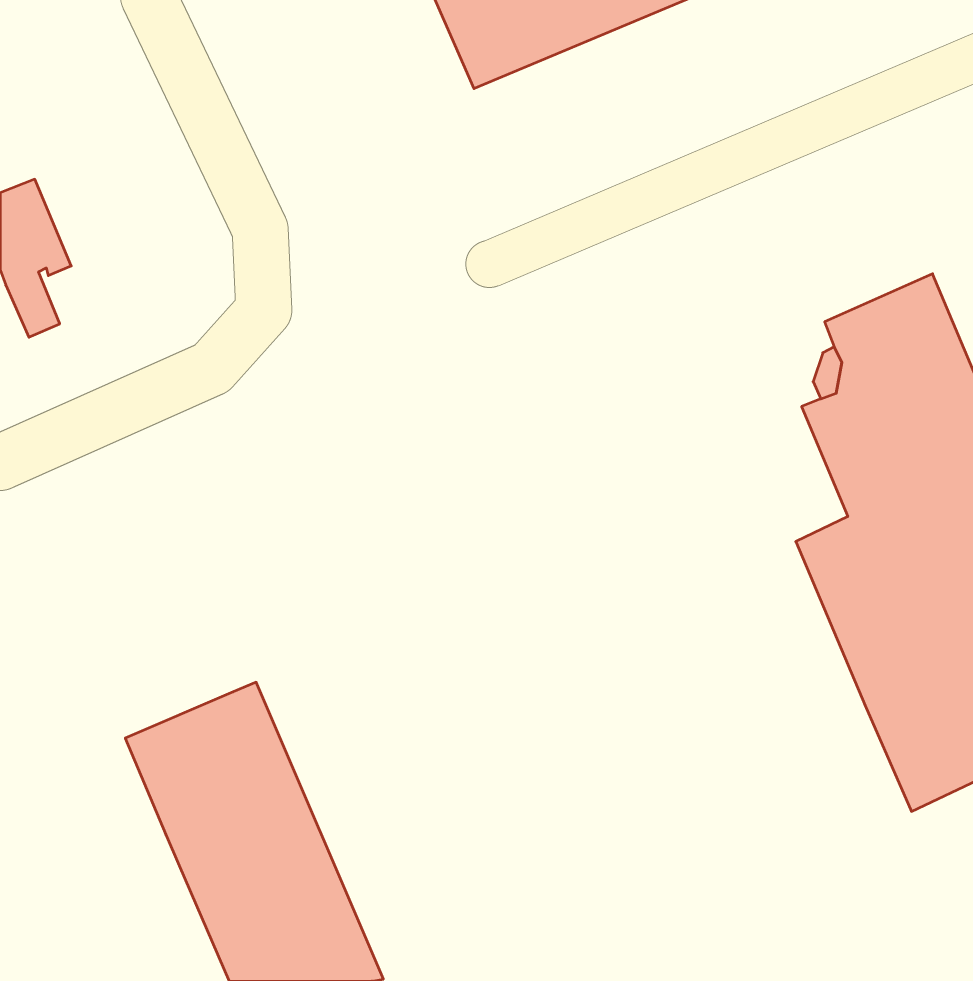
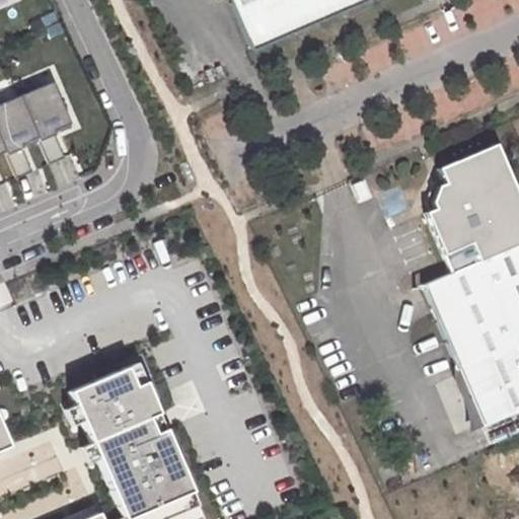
building: none -> [24,81,76,163]

